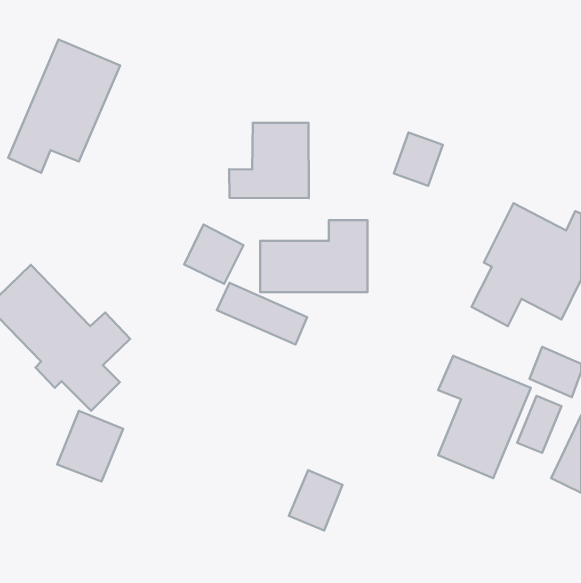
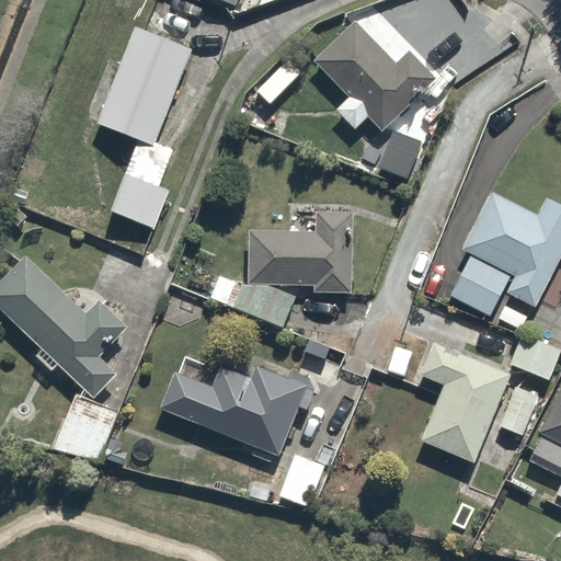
building: none -> [314,24,436,129]
building: [8,39,120,173] -> [90,27,197,156]
building: [229,123,309,198] -> none
building: [184,224,243,284] -> [114,173,171,230]
building: none -> [162,364,307,455]

